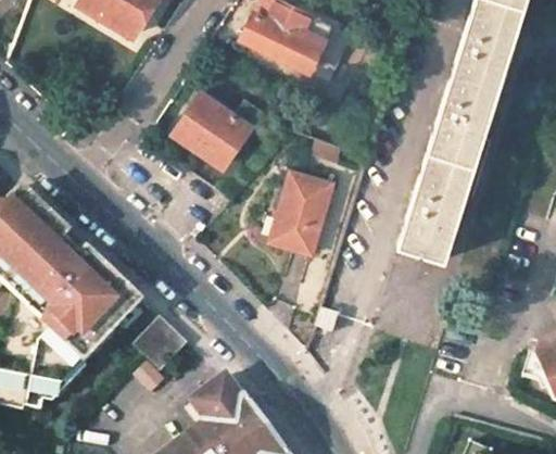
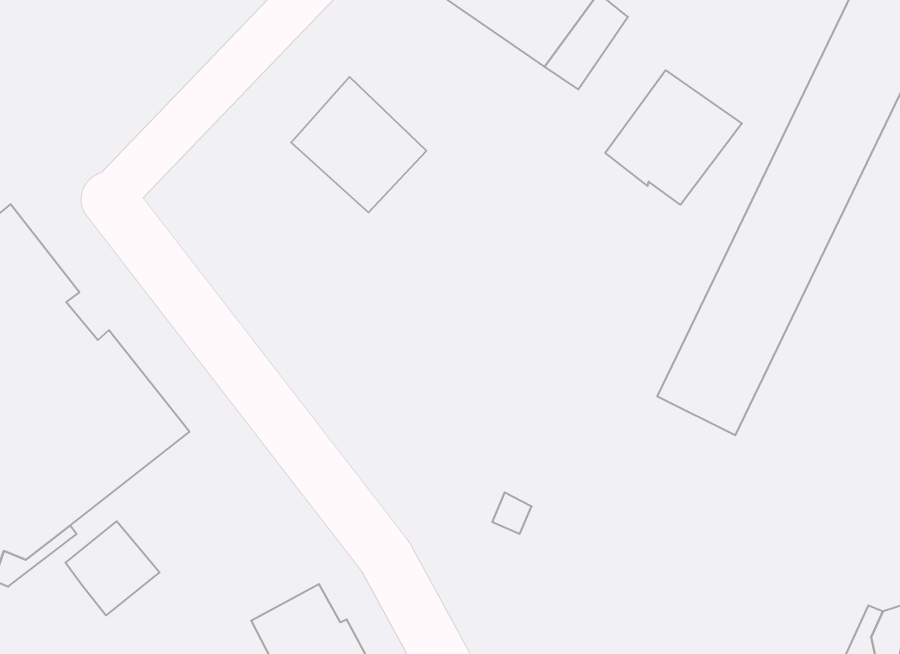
building: none -> [605,70,742,205]
building: [275,172,334,257] -> none
building: [132,318,186,371] -> [65,521,160,615]

